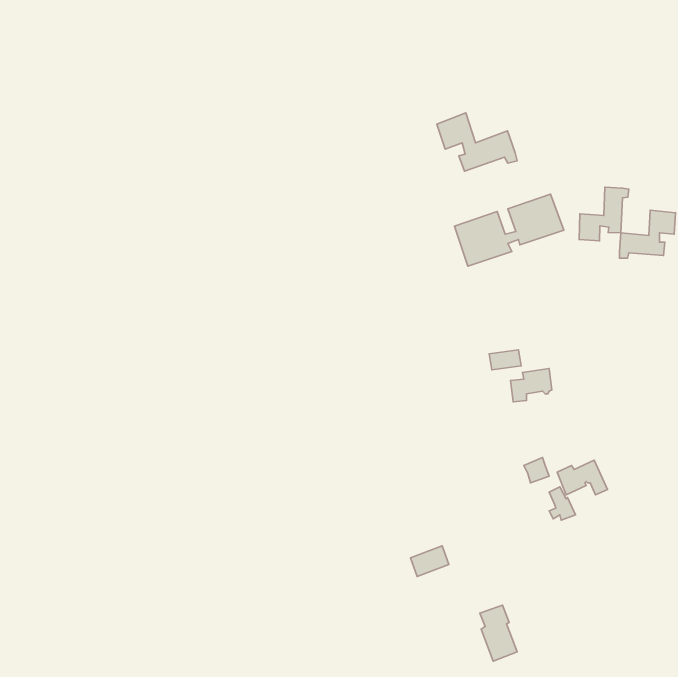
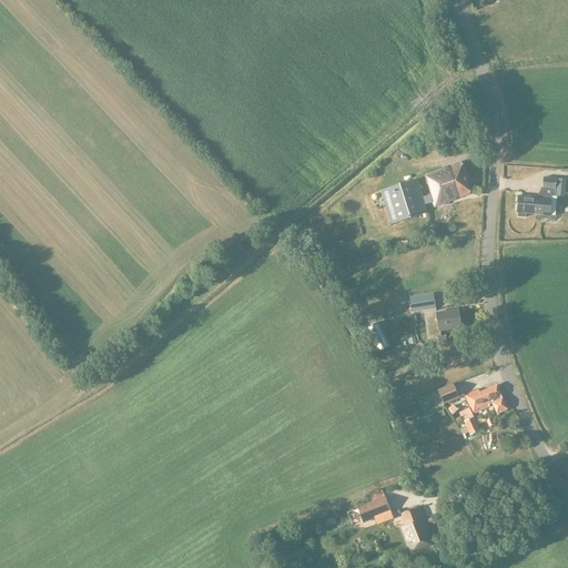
building: [437,113,517,171] -> none
building: [579,187,629,241] -> none
building: [410,546,449,577] -> [358,495,390,520]

